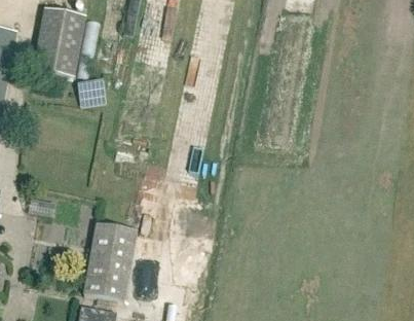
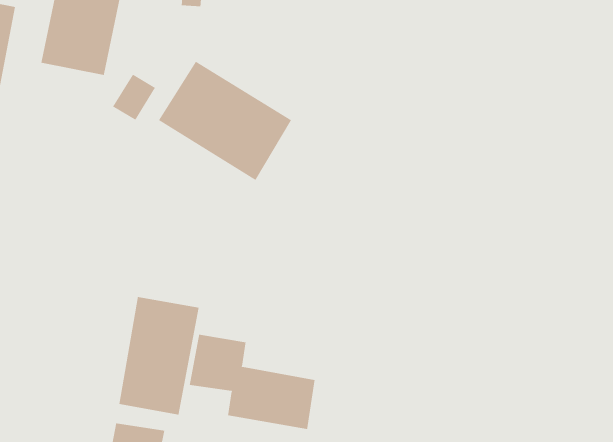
building: none -> [158,61,292,181]
building: none -> [189,334,315,430]

